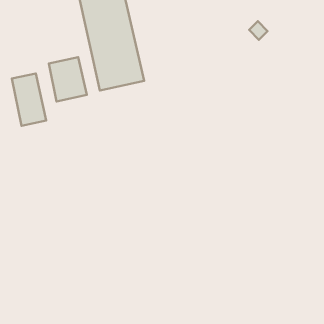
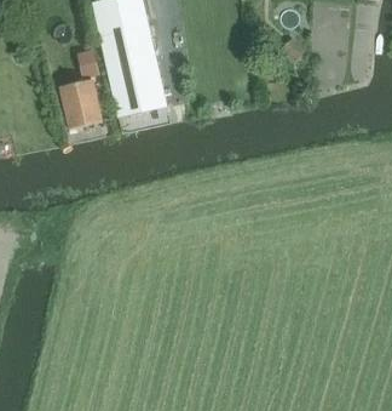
building: [12,74,46,126] -> none

